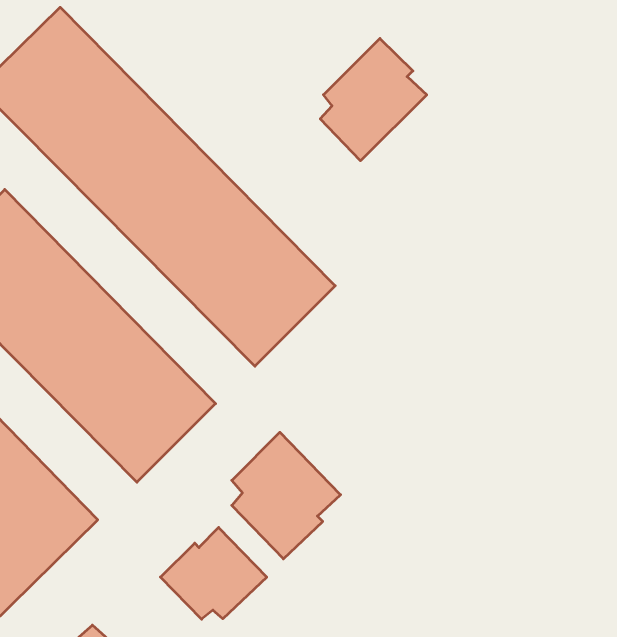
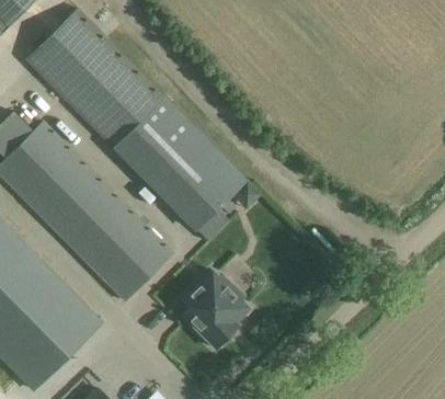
building: [320,38,427,161] -> none
building: [160,527,267,619] -> none

